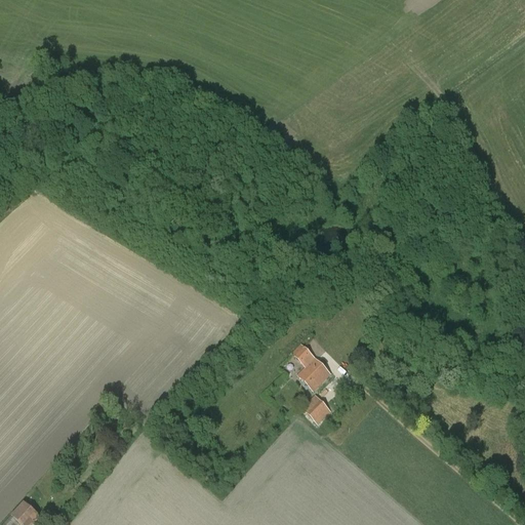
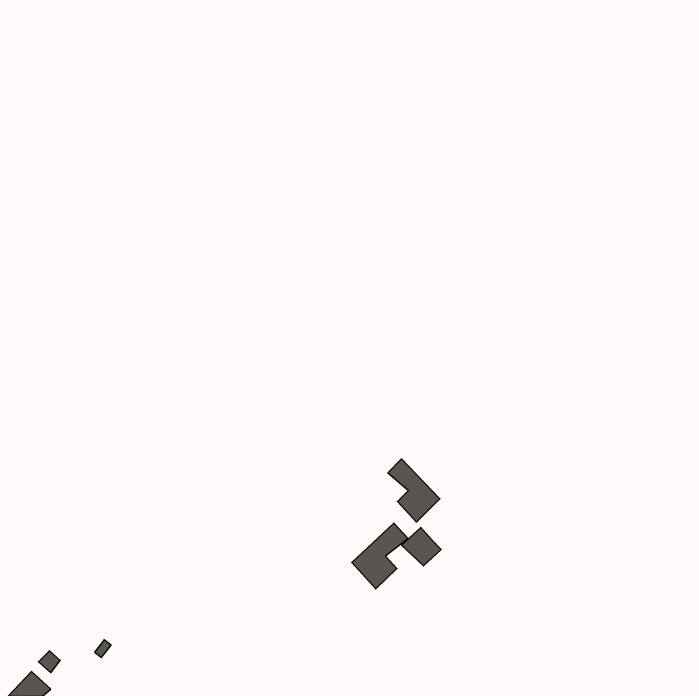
building: none -> [352,523,408,589]

